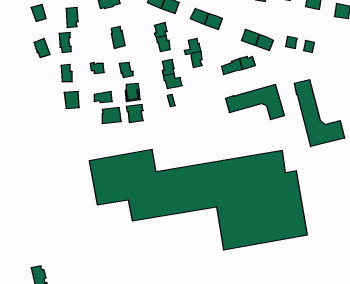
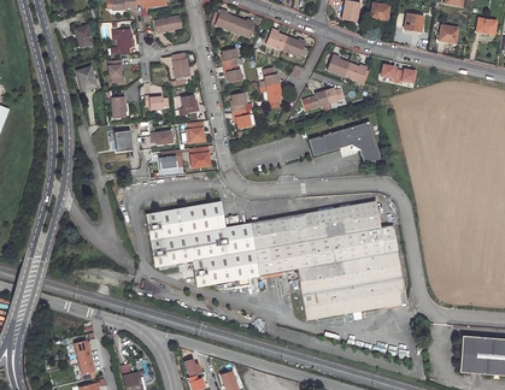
building: [294,80,345,147] -> none

